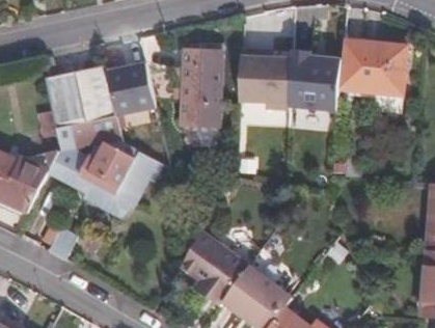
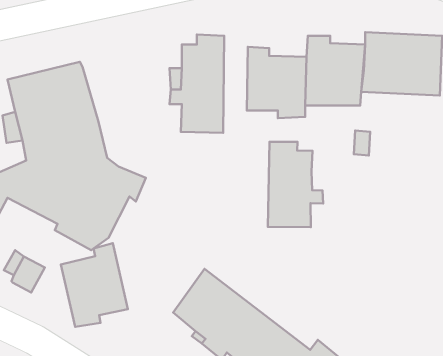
building: [110,61,161,115] -> none
building: none -> [268,142,323,227]
building: none -> [61,243,128,327]

